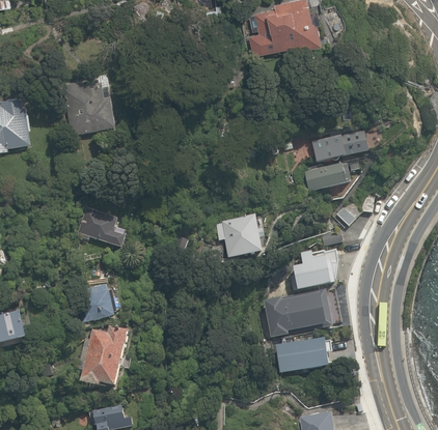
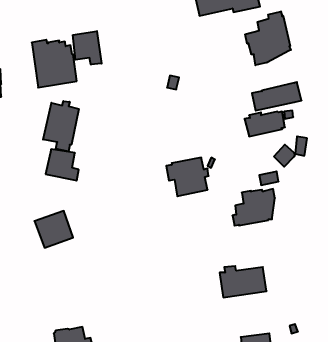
building: none -> [245,11,291,65]
building: none -> [73,31,102,65]
building: none -> [43,101,79,151]
building: [264,289,343,340] -> none
building: [76,323,118,378] -> none

